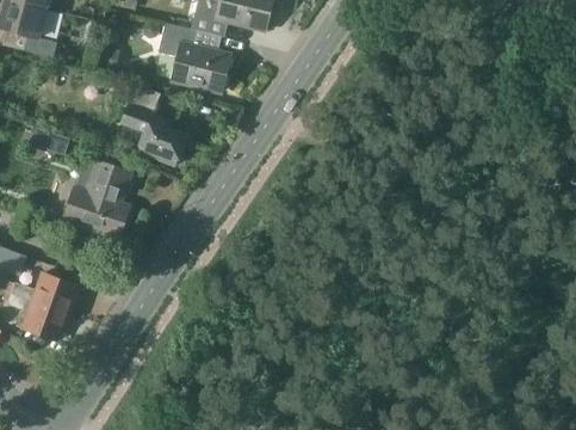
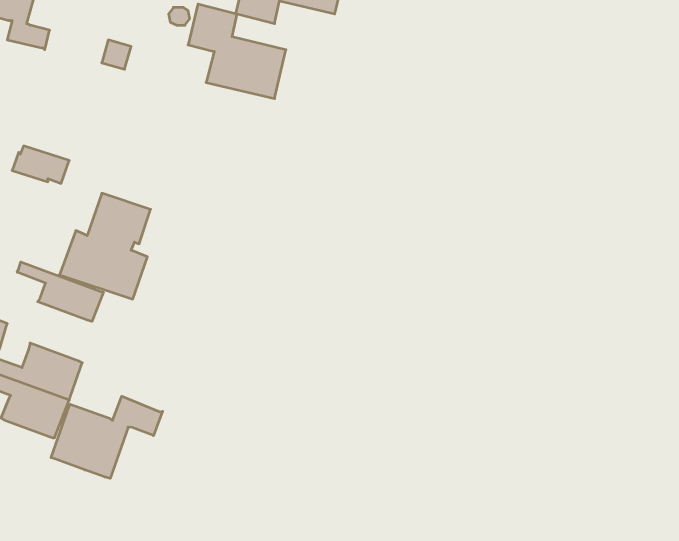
building: [123,82,185,165] -> none
building: none -> [17,262,103,321]
building: none -> [51,396,163,478]

